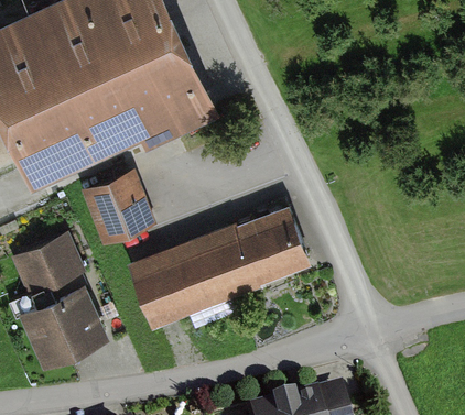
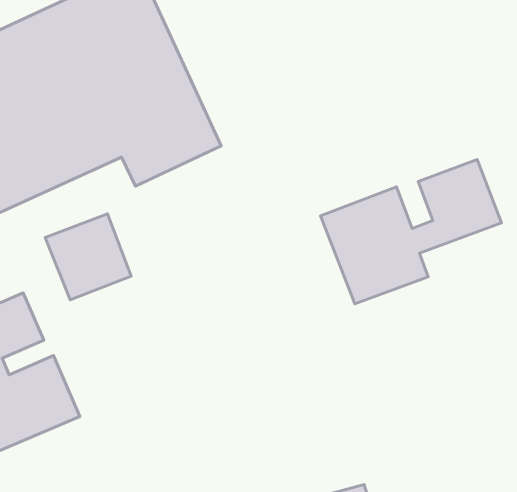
building: none -> [321,159,502,304]
building: [127,209,304,319] -> none

